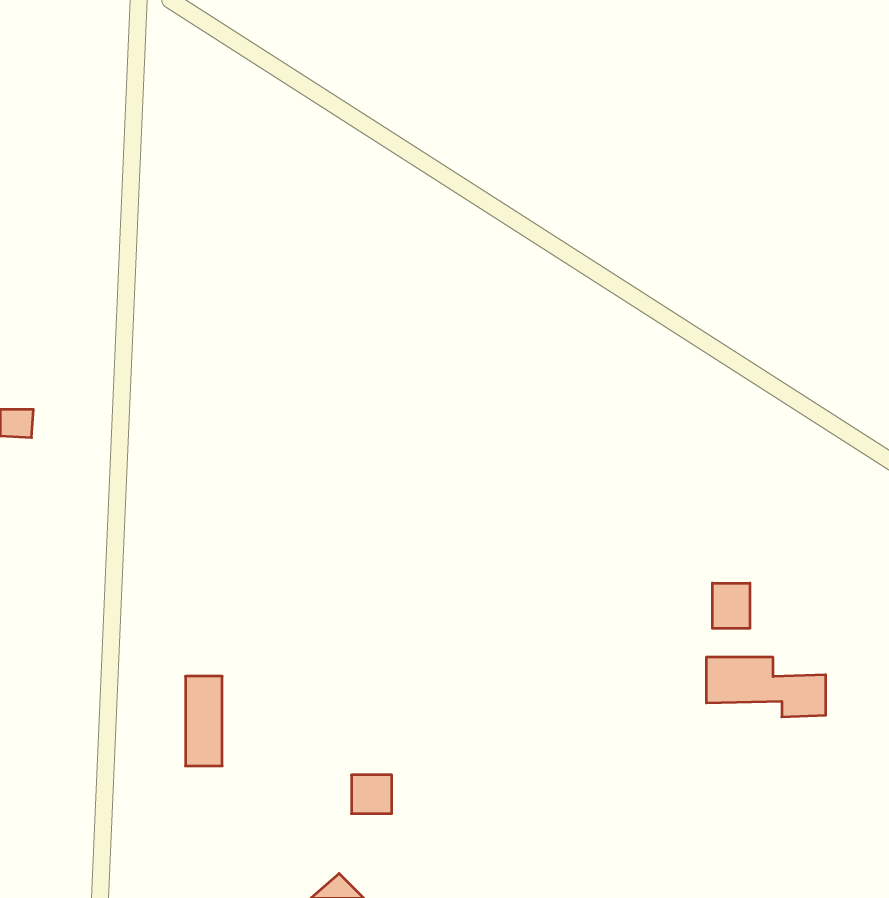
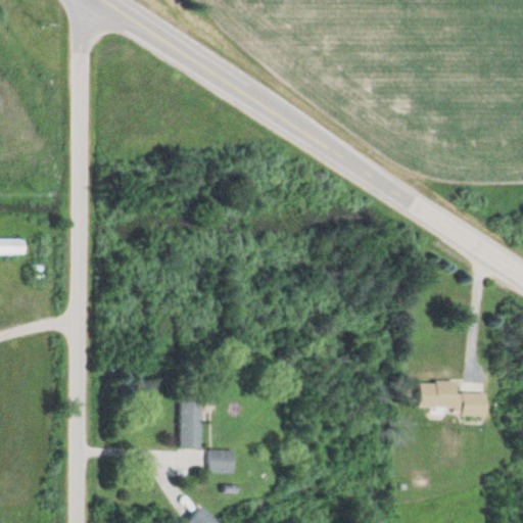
building: [712,583,750,628] -> none
building: [185,676,222,766] -> [180,395,201,447]

